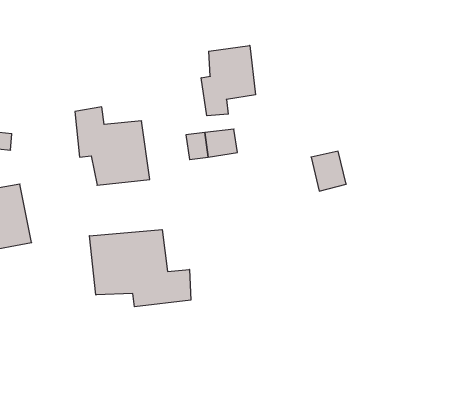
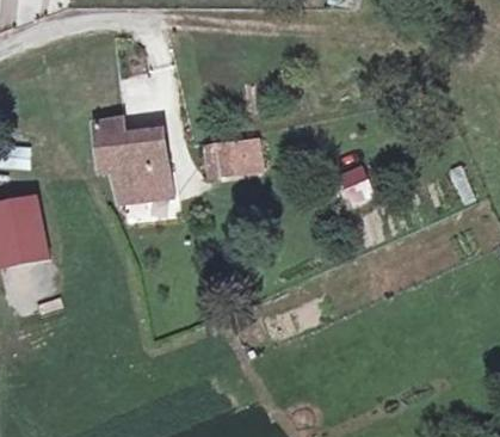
building: [201,45,255,116] -> none
building: [89,230,191,307] -> none

